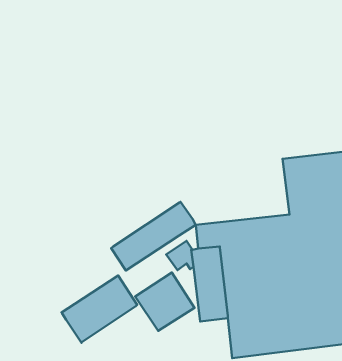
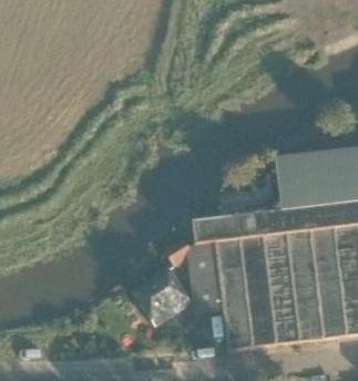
building: [111,202,196,270] -> none
building: [61,276,137,343] -> none

